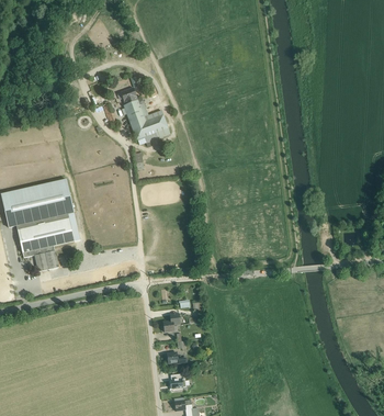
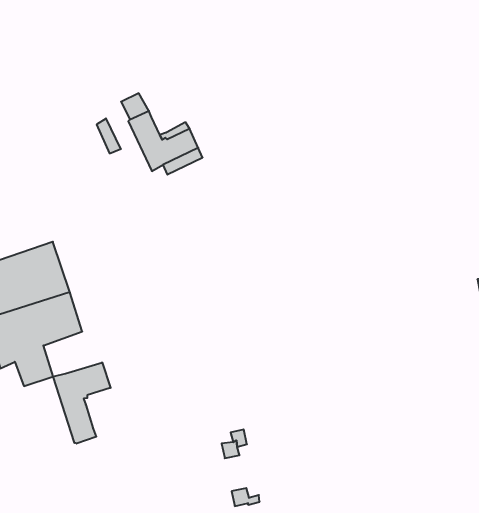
building: none -> [53,362,111,444]

